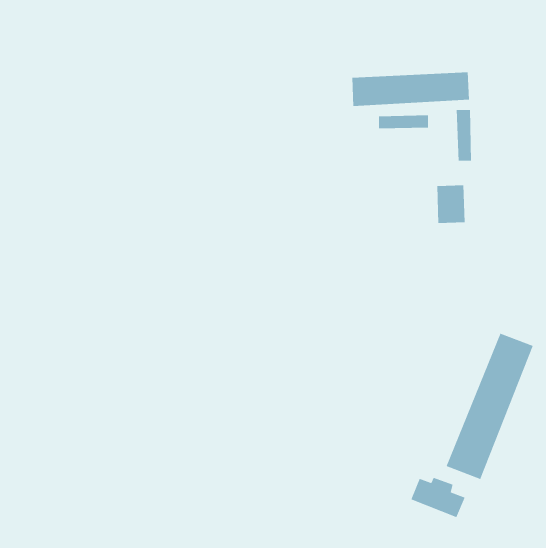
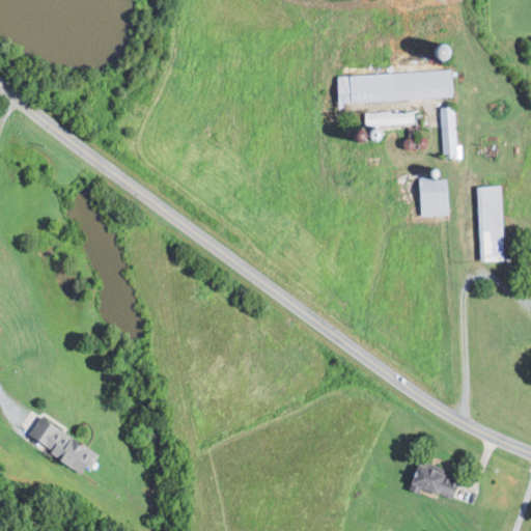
building: none -> [479,187,503,260]
building: [446,333,534,480] -> none
building: none -> [27,418,104,475]

